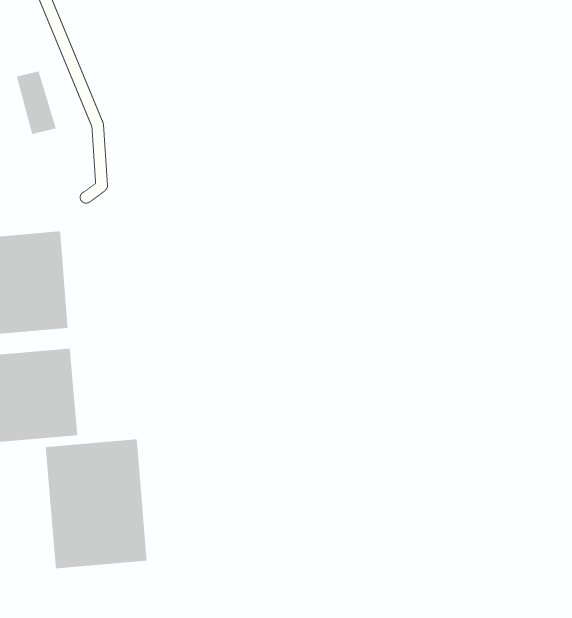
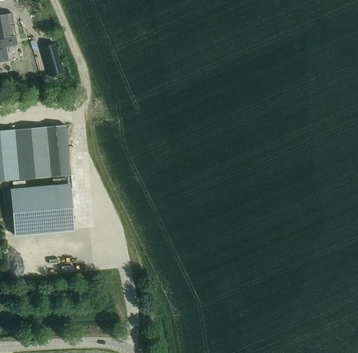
building: [45,438,148,569] -> none

